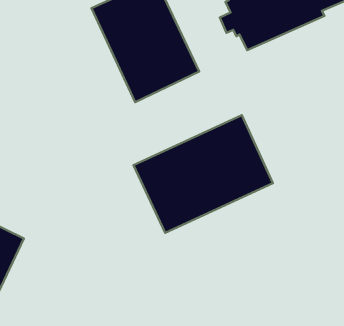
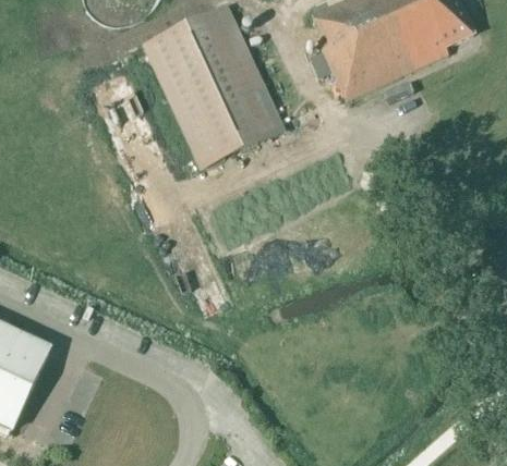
building: [134,115,273,233] -> none

